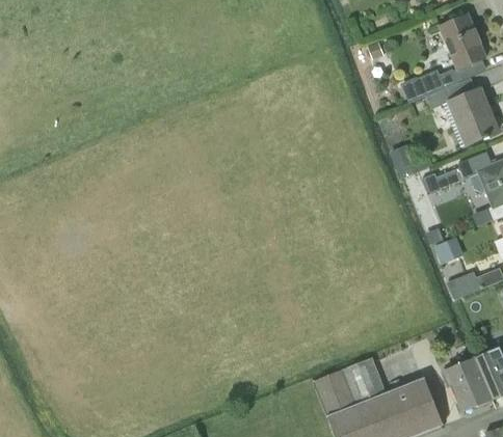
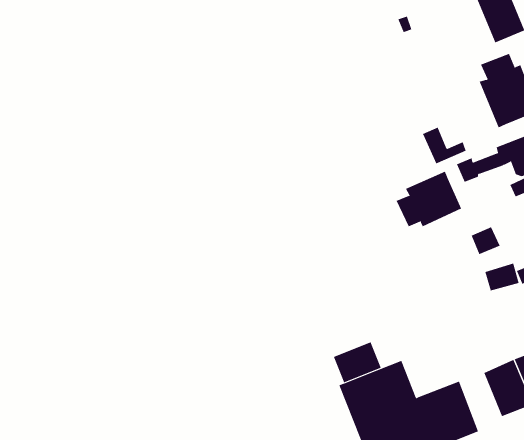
building: [400,69,456,103] -> none
building: none -> [396,171,462,227]
building: none -> [333,342,382,383]

